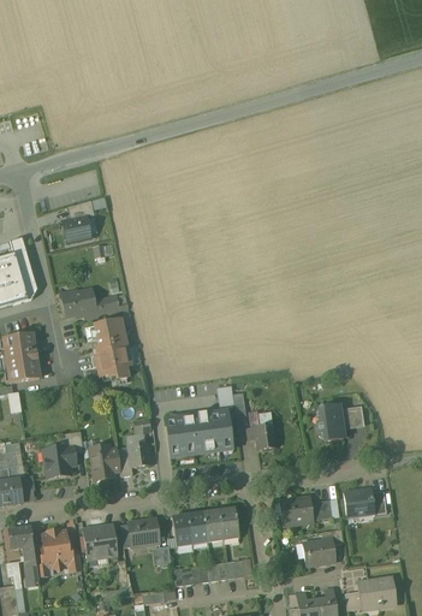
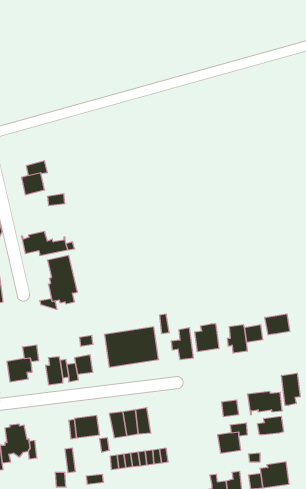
building: none -> [265,314,290,335]
building: none -> [195,324,219,352]
building: none -> [281,373,300,406]
building: [281,496,313,522] -> none
building: [218,507,239,540] -> none
building: none -> [258,416,283,435]
building: [82,525,117,559] -> none

